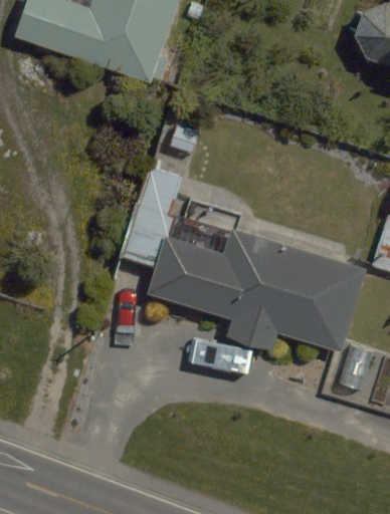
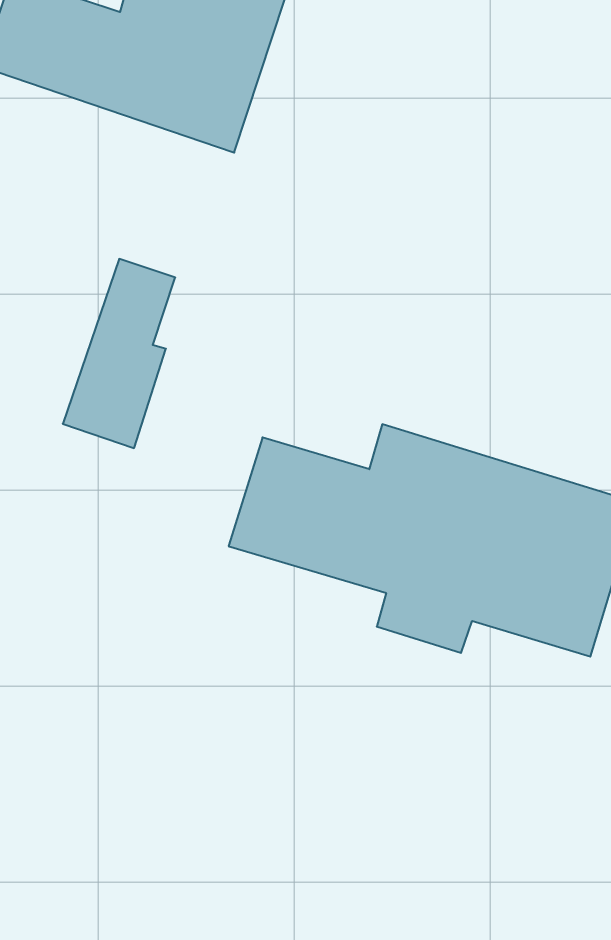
building: [121,168,181,269] -> [63,259,175,448]

